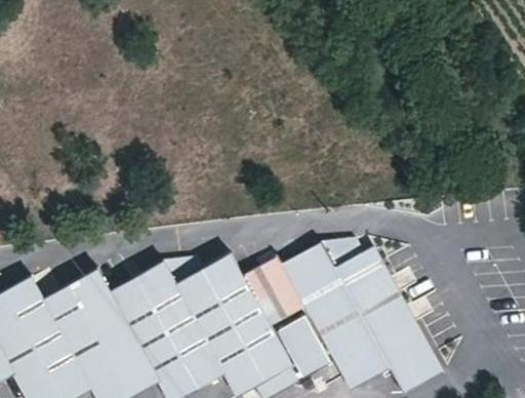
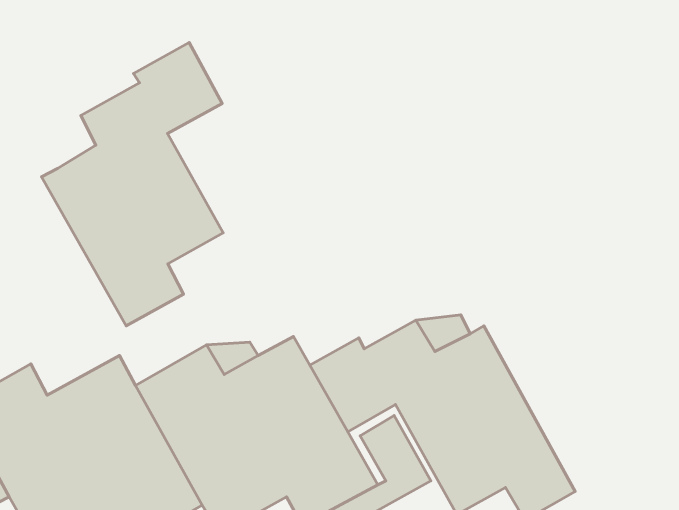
building: none -> [41,42,223,326]

